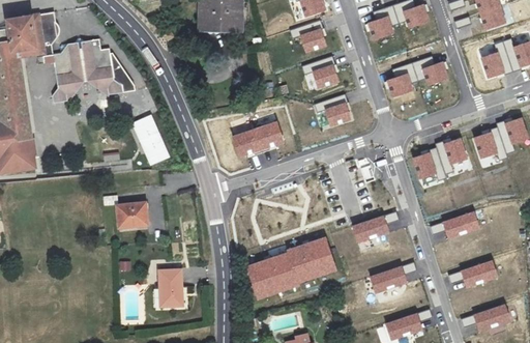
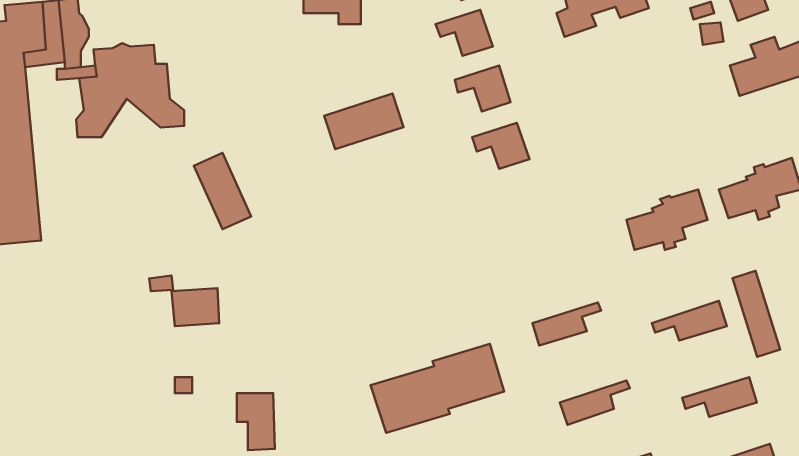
building: [387,57,447,96] -> none
building: [232,122,284,159] -> [324,94,404,149]
building: none -> [733,271,780,357]

